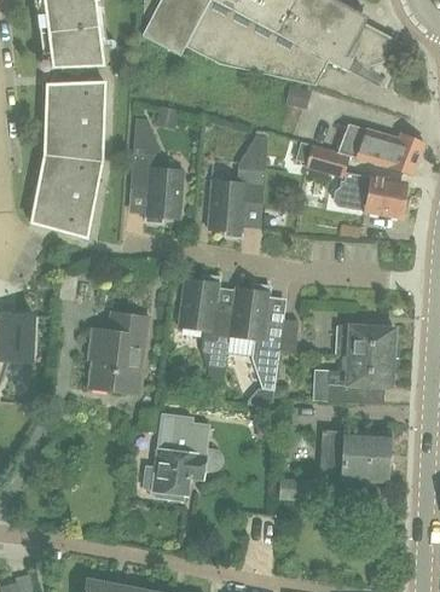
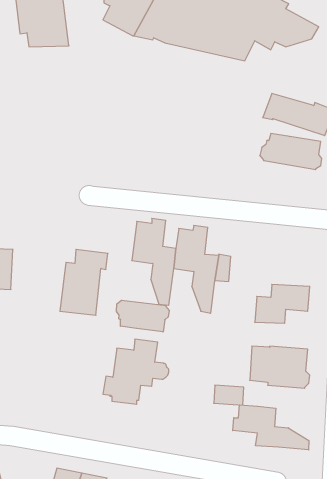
building: [31,82,105,238] -> none
building: [131,120,185,224] -> none
building: [208,137,268,238] -> none
building: [306,145,349,176] -> none
building: [338,325,395,358] -> none
building: none -> [117,300,169,332]
building: none -> [233,405,309,450]

